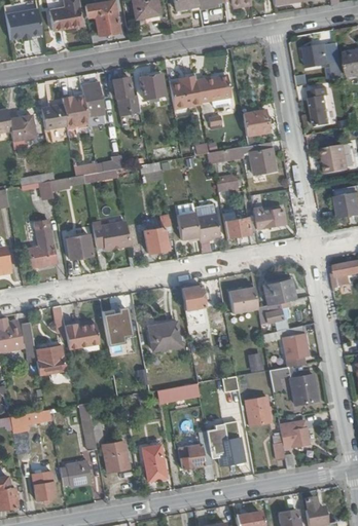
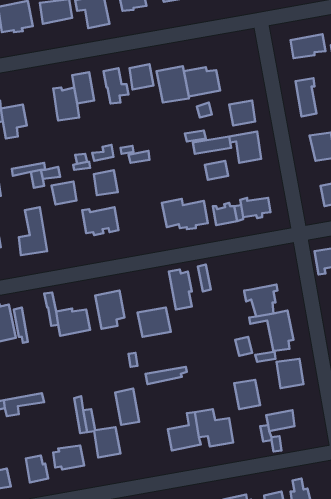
building: [40,104,65,129] -> none
building: [142,227,167,253] -> [94,170,118,195]
building: [65,235,91,259] -> [51,181,77,205]
building: [260,277,291,303] -> none
building: [226,284,256,309] -> none
building: [37,346,66,376] -> none
building: [141,443,166,480] -> [115,389,139,425]

